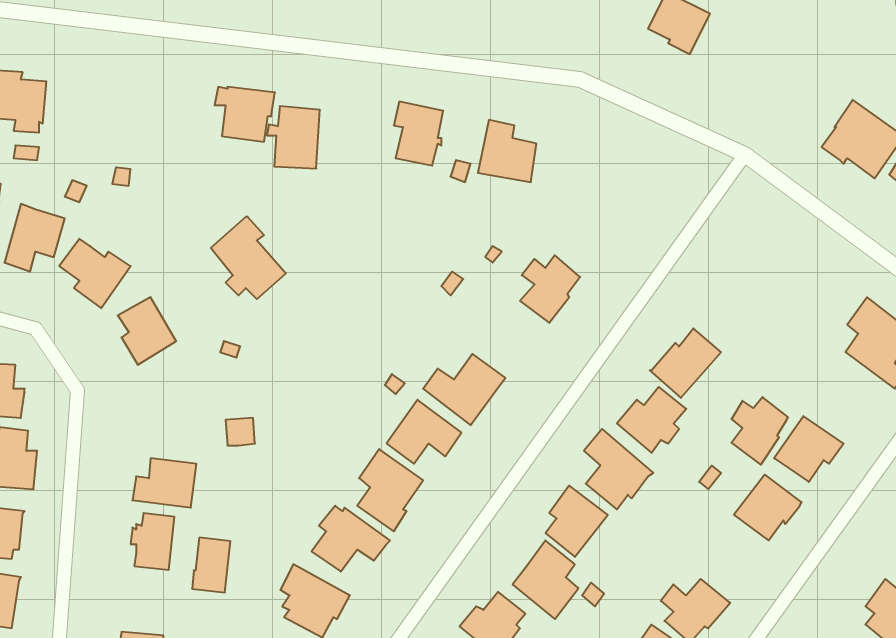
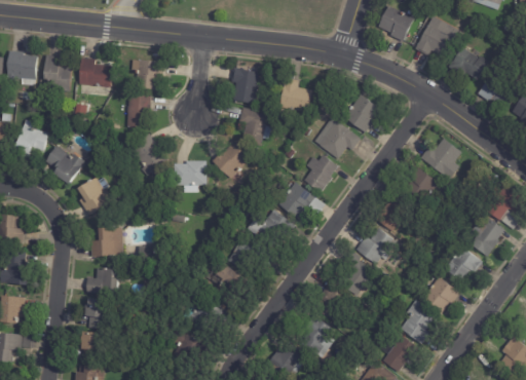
building: none -> [410,15,454,58]
building: none -> [448,46,486,78]
building: none -> [44,53,71,89]
building: none -> [78,56,112,86]
building: [267,106,320,168] -> [122,93,152,128]
building: none -> [345,92,381,131]
building: none -> [239,106,271,145]
building: none -> [313,116,361,159]
building: none -> [421,137,461,178]
building: none -> [212,142,250,182]
building: none -> [175,160,208,185]
building: none -> [406,165,441,203]
building: none -> [279,181,317,217]
building: none -> [95,227,125,256]
building: [731,397,788,465] -> [472,217,503,255]
building: none -> [399,299,438,343]
building: [192,538,230,592] -> [83,331,105,362]

